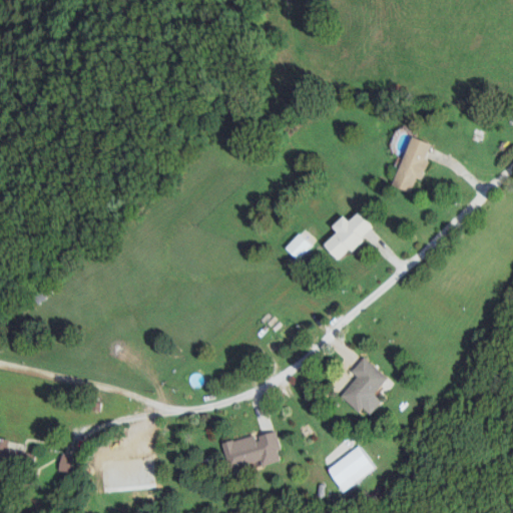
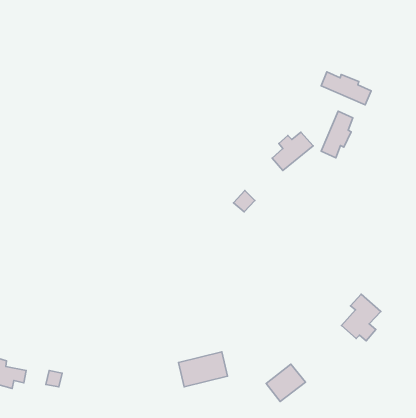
building: none -> [321,72,371,105]
building: [325,212,375,260] -> [272,132,313,171]
building: [339,358,387,415] -> [341,294,381,341]

